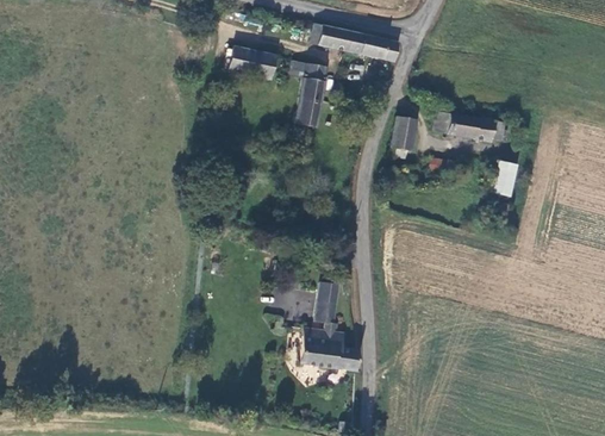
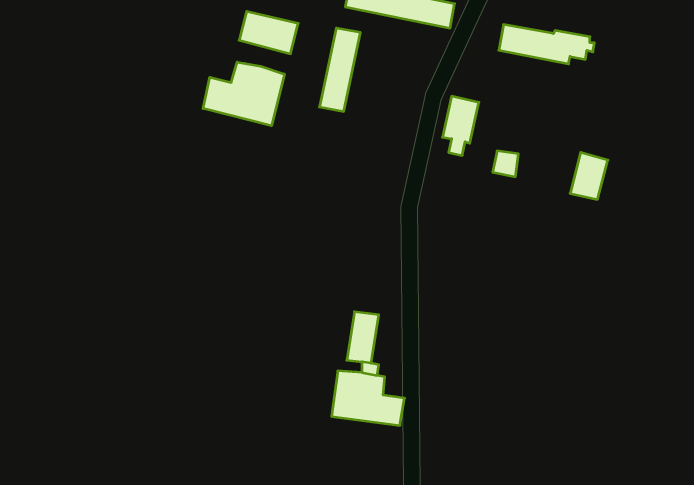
building: none -> [203,62,284,126]
building: [435,111,510,142] -> [499,25,594,64]

